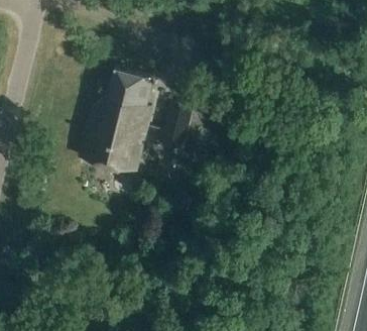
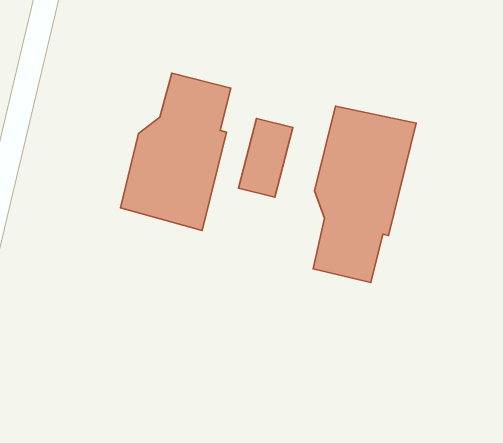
building: none -> [313,106,416,283]

